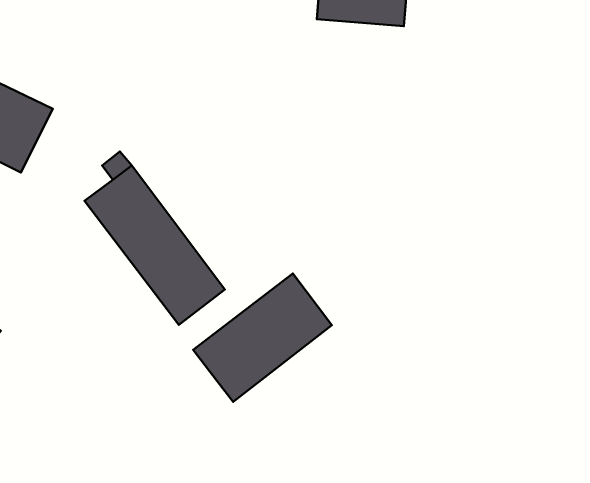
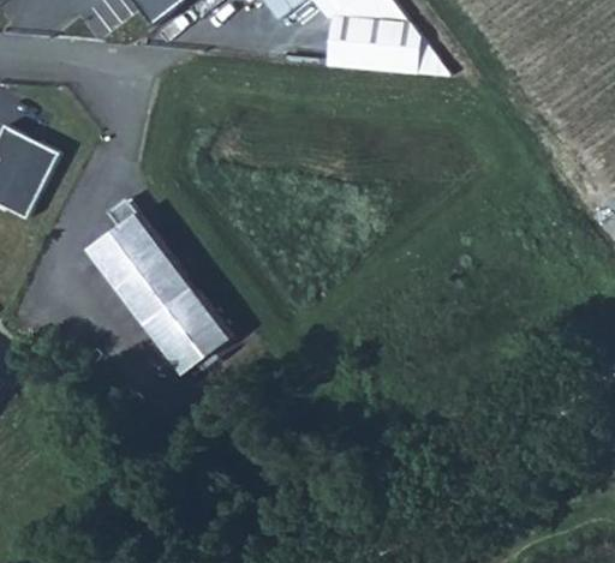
building: [193,274,332,402] -> none

